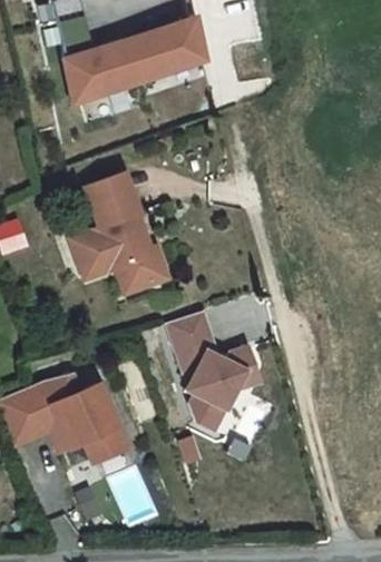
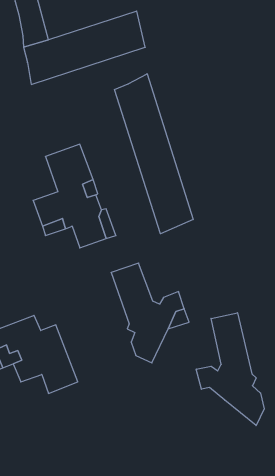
building: none -> [114,74,193,234]
building: none -> [196,313,264,426]

